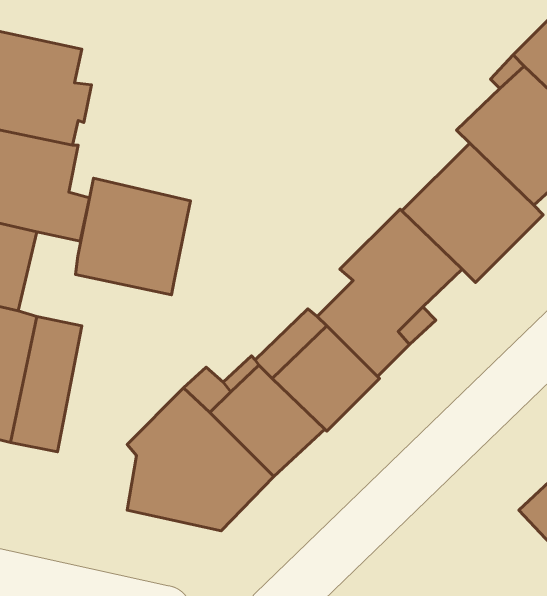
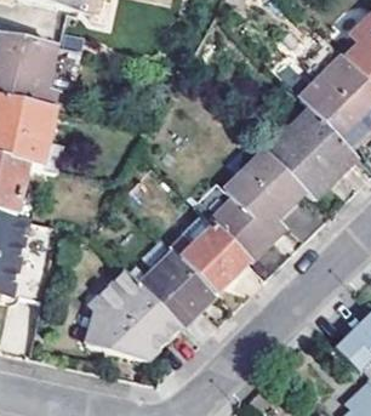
building: [75,178,190,295] -> none

